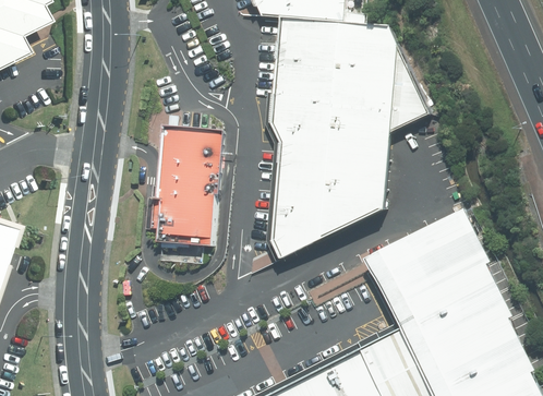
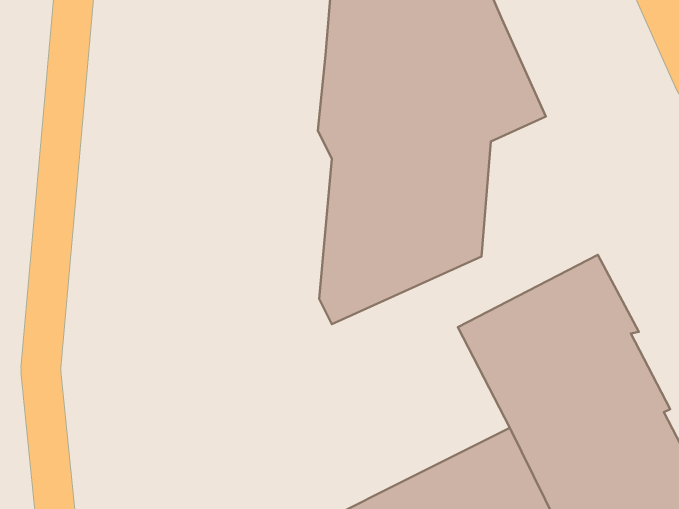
building: [148,130,221,245] -> none

